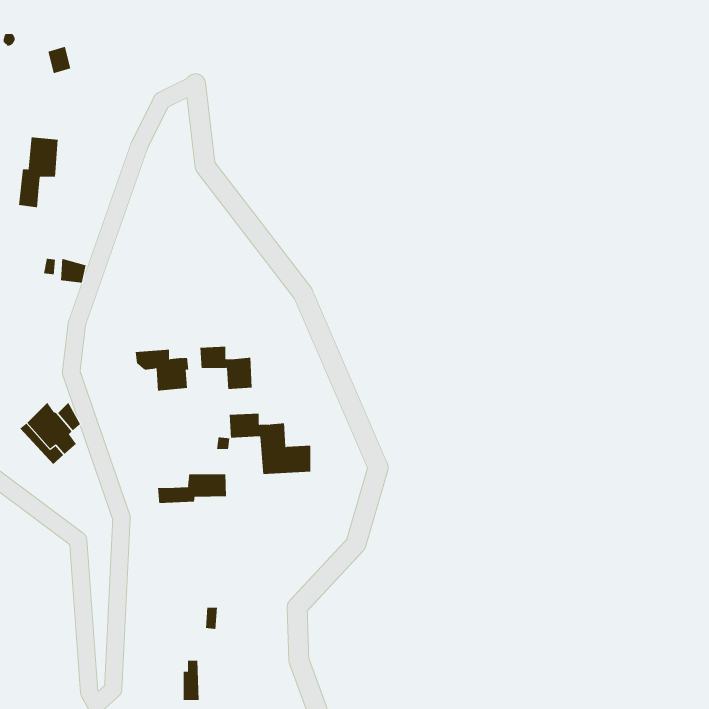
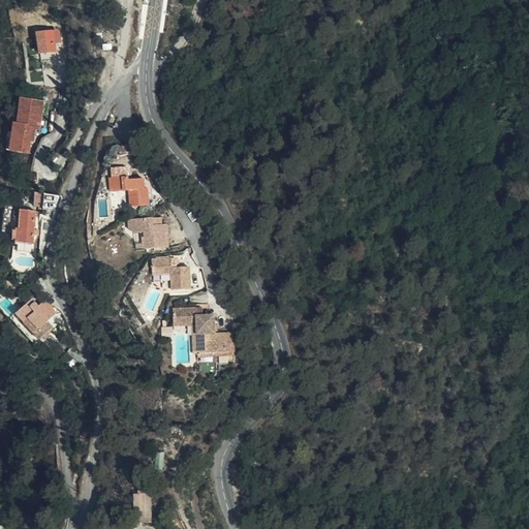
building: none -> [105,176,146,205]
building: none -> [20,210,38,253]
building: [135,349,189,391] -> [124,216,164,247]
building: [158,473,226,504] -> none

